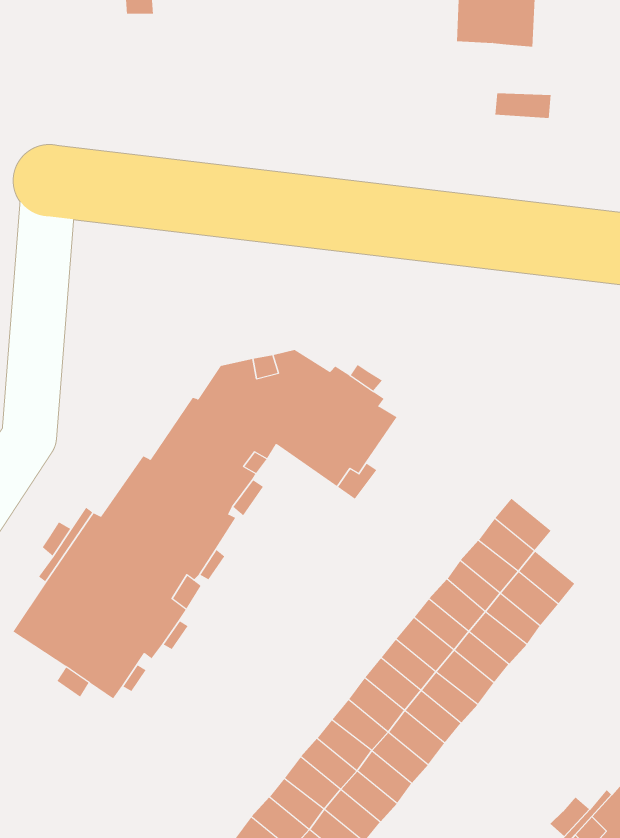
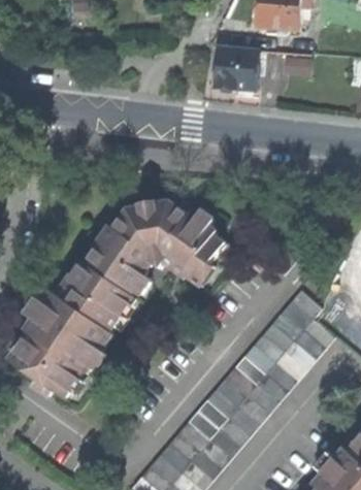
building: none -> [219,50,262,92]

